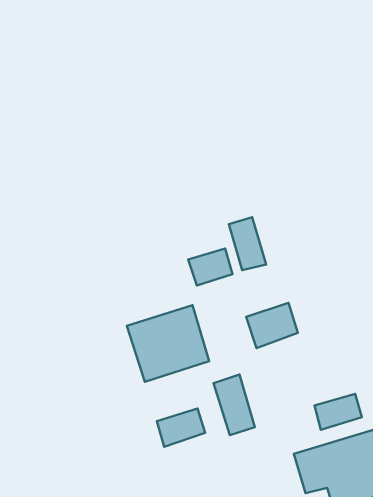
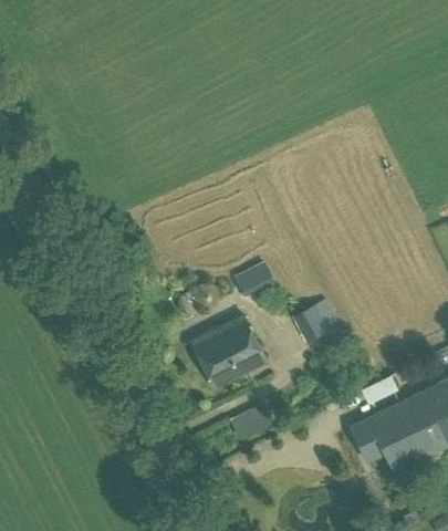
building: [229,217,266,270] -> none
building: [214,374,255,435] -> none

